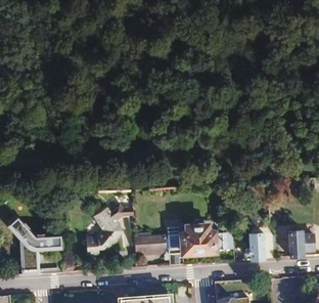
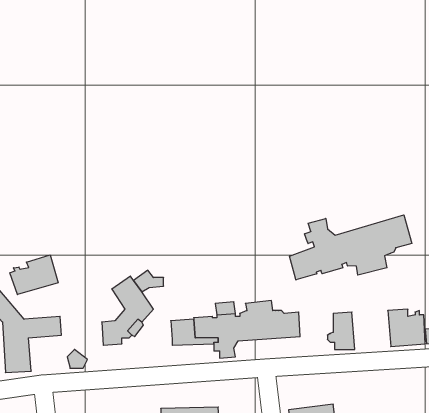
building: none -> [290,215,412,280]
building: none -> [10,255,58,295]

